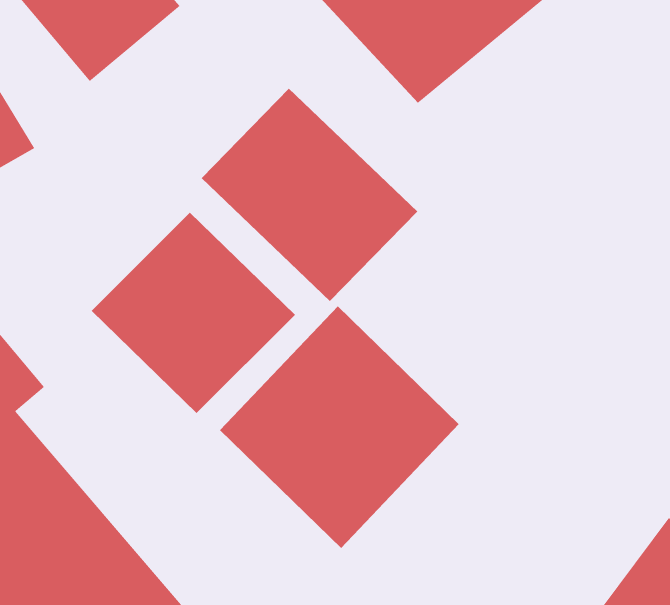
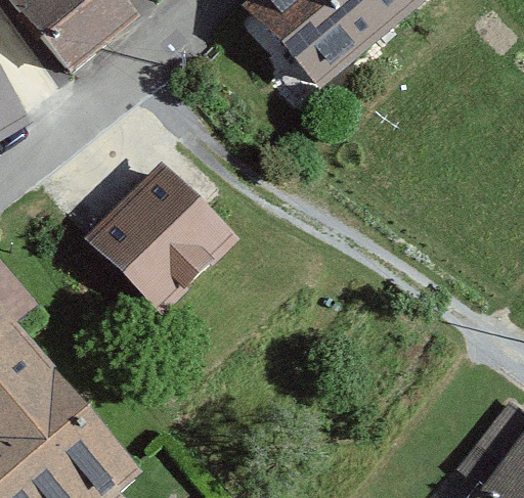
building: [201,88,418,302] -> none
building: [219,305,460,549] -> none

